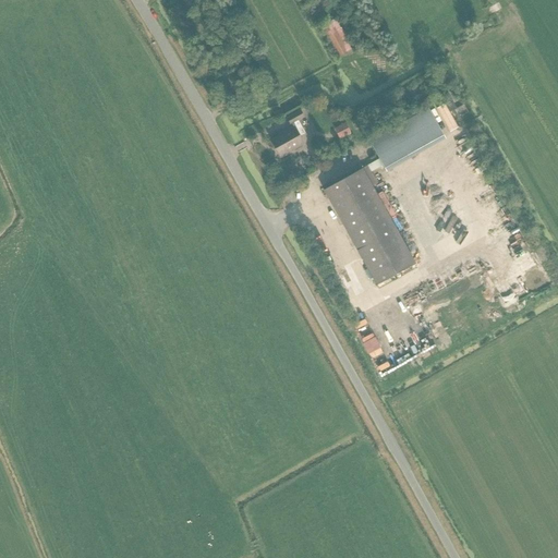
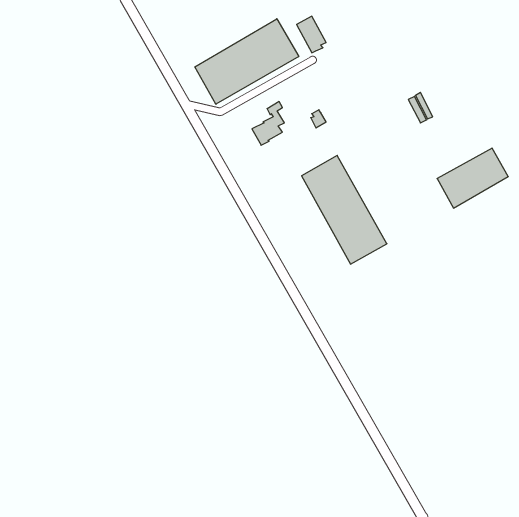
building: none -> [195,19,299,104]
building: [368,106,445,170] -> [437,148,508,208]

